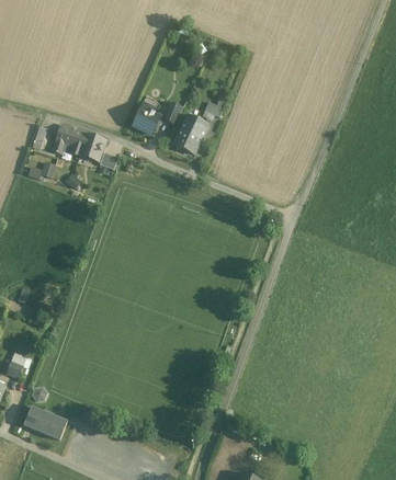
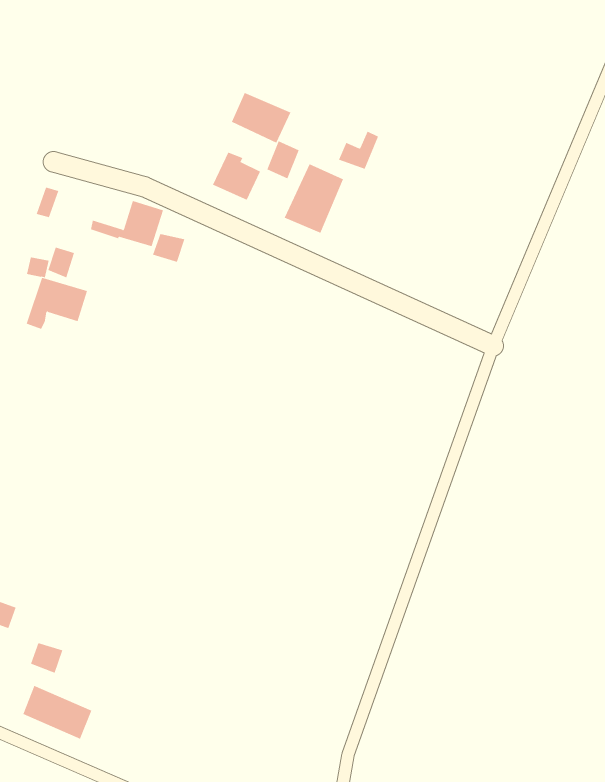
building: none -> [231,92,291,143]
building: [53,125,88,155] -> [26,277,88,330]

